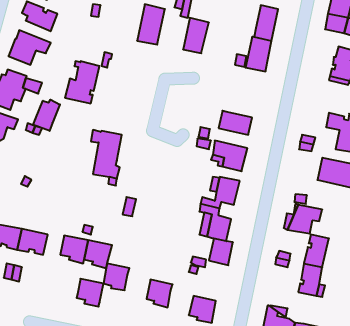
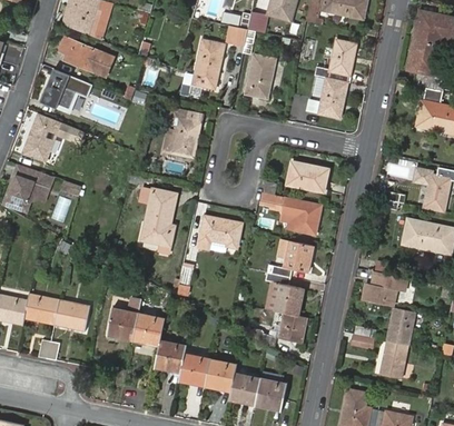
building: [65,61,99,103] -> [162,108,203,157]
building: [33,100,60,131] -> none
building: none -> [198,215,240,247]
building: [77,279,103,307] -> [177,354,208,386]
building: none -> [227,373,258,405]

